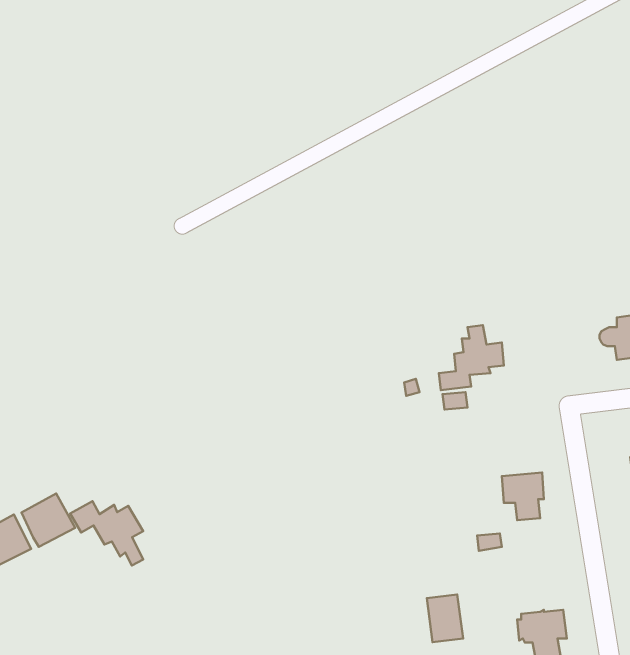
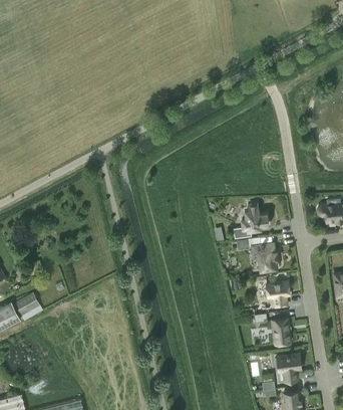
building: none -> [252,242,278,269]
building: [70,501,143,566] -> none
building: [427,594,463,642] -> [272,318,291,343]

